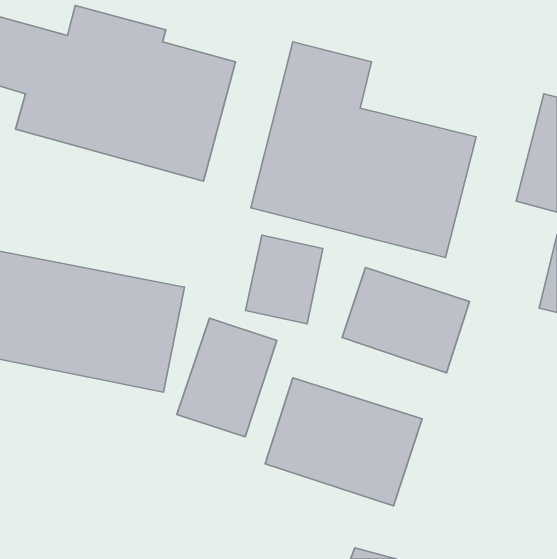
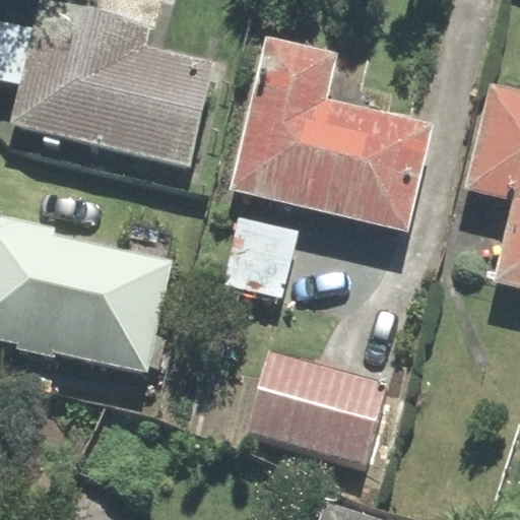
building: [342,268,470,373] -> none
building: [177,318,277,437] -> none

